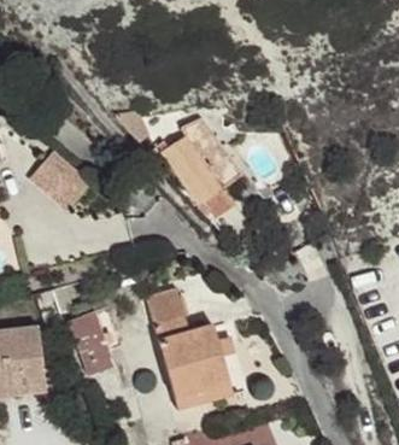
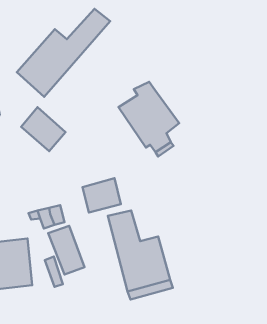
building: none -> [17,9,110,97]
building: none -> [82,178,121,213]

